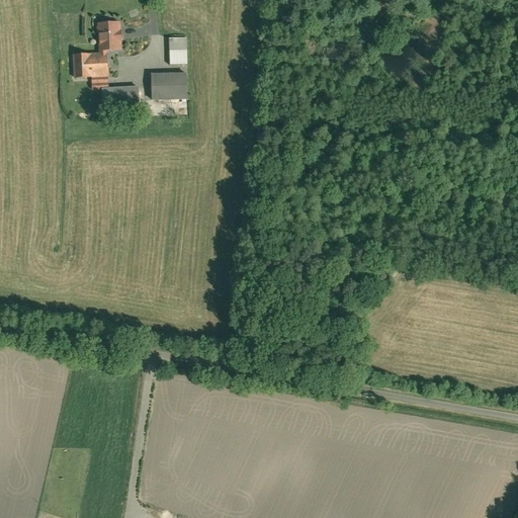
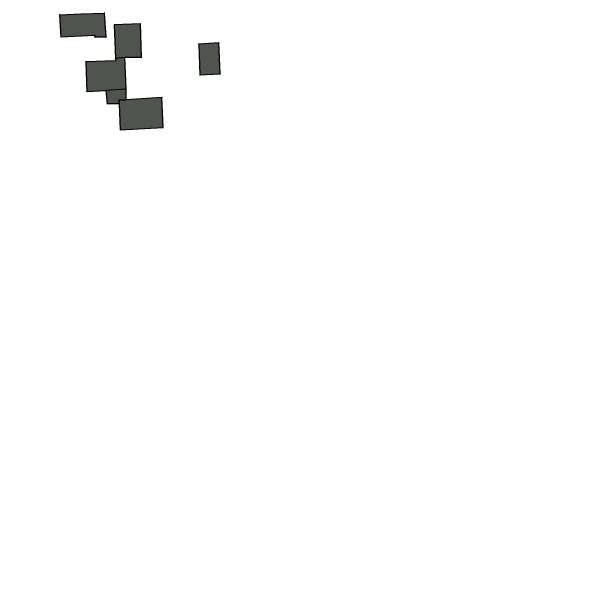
building: none -> [60,13,106,37]
building: [151,69,187,98] -> none

